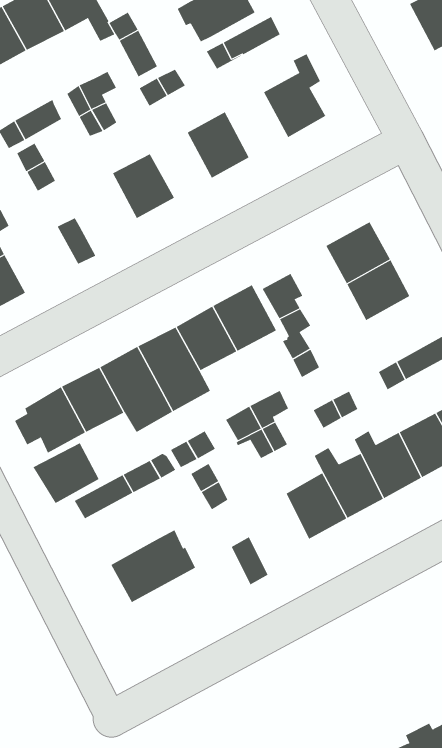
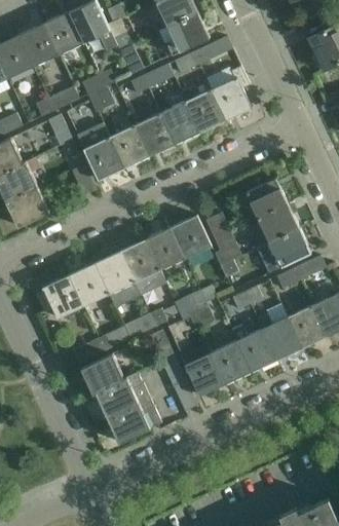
building: none -> [181,80,225,132]
building: none -> [135,113,174,155]
building: none -> [76,122,123,180]
building: none -> [257,228,310,272]
building: [33,443,99,504] -> [80,353,123,392]
building: none -> [184,352,224,396]
building: none -> [106,398,160,443]

